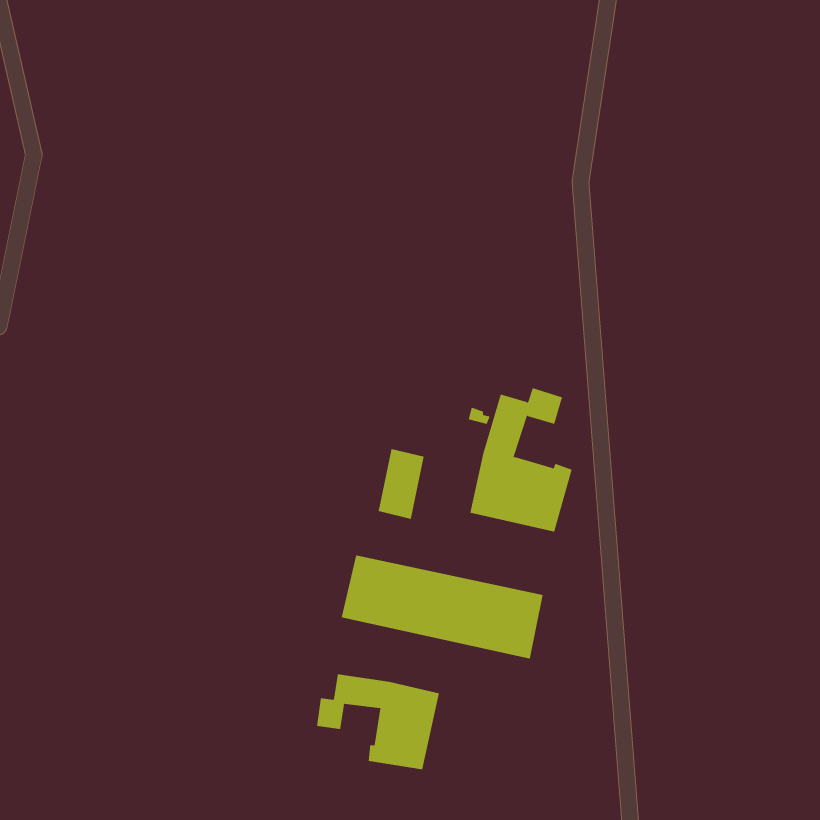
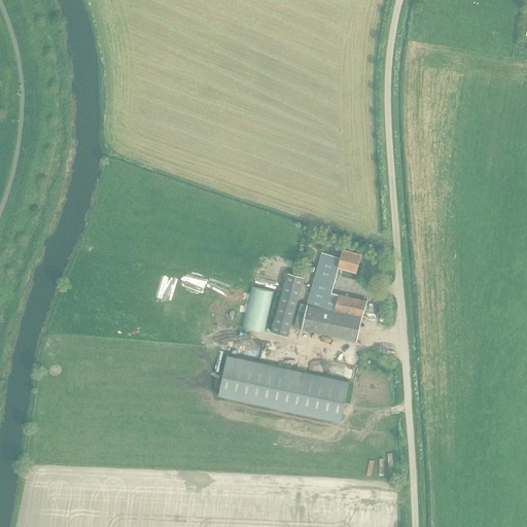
building: none -> [271,273,303,337]
building: [317,673,440,770] -> none

